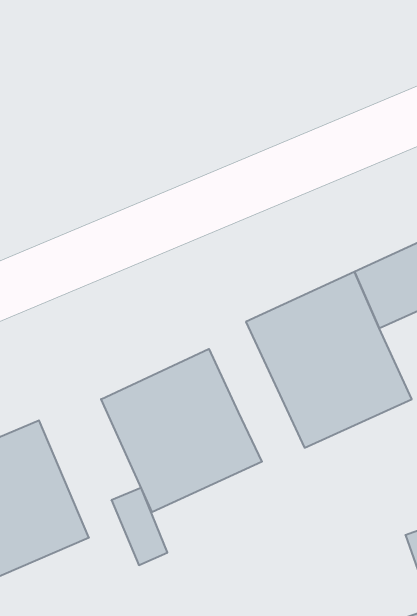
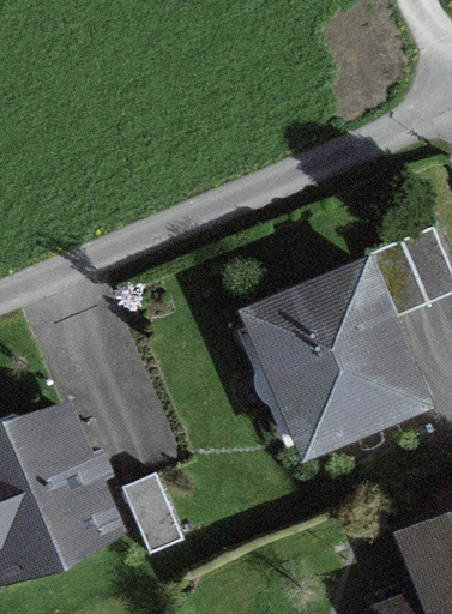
building: [101,349,262,512] -> none

